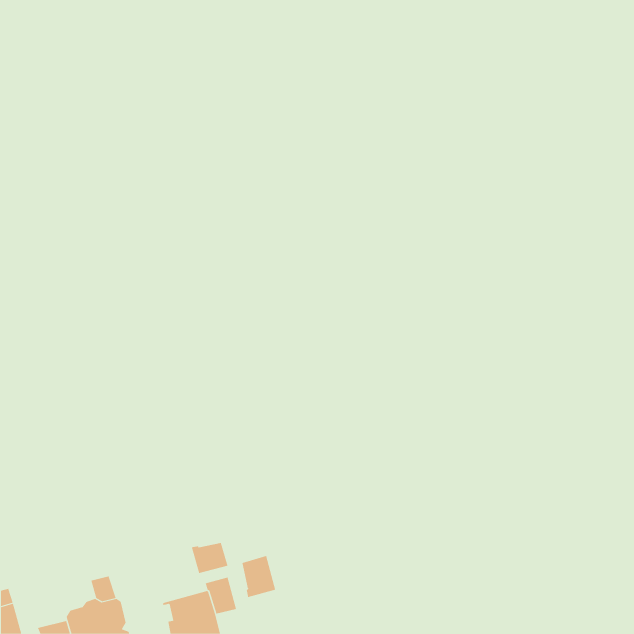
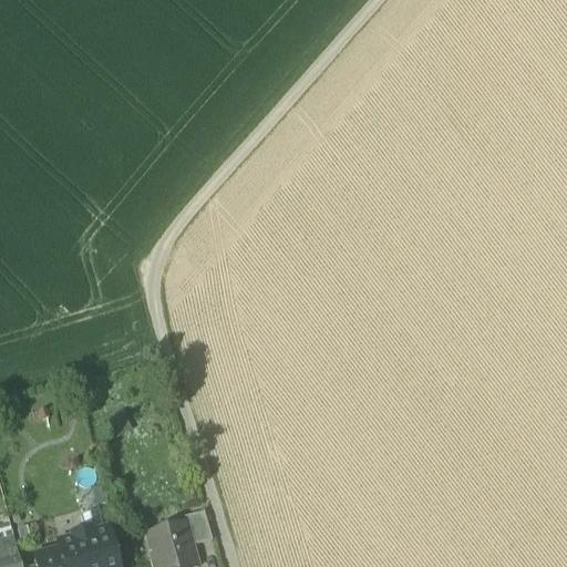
building: [191,542,228,574] -> none
building: [242,555,276,598] -> none

